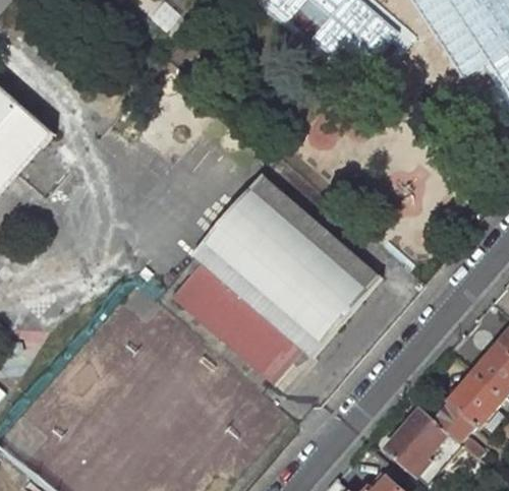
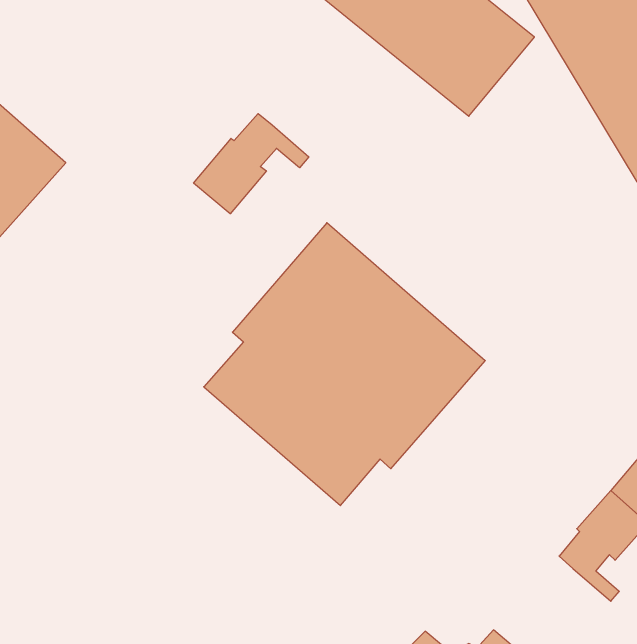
building: none -> [194,114,309,214]
building: [388,407,447,474] -> none

